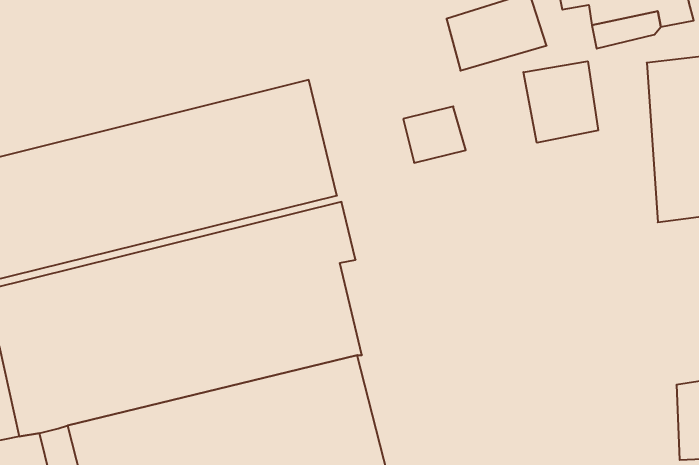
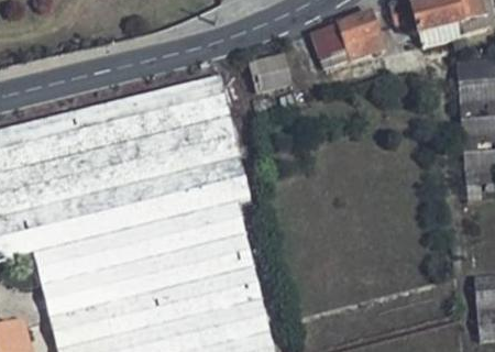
building: [523,61,598,143] -> none
building: [403,106,466,163] -> [249,52,293,91]

